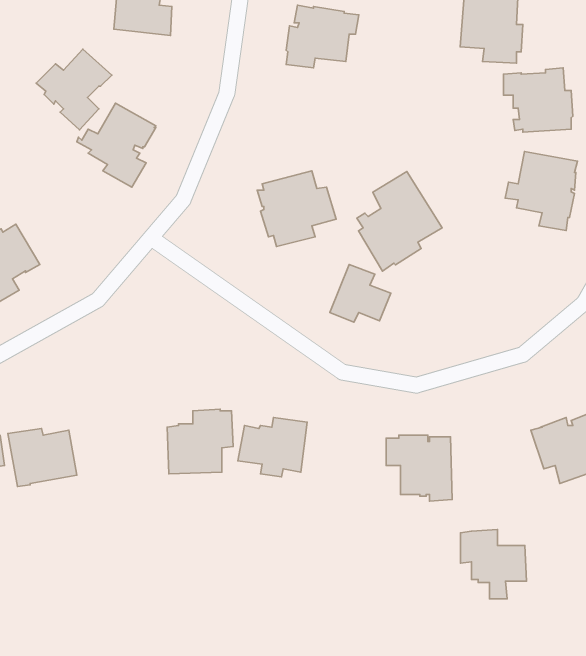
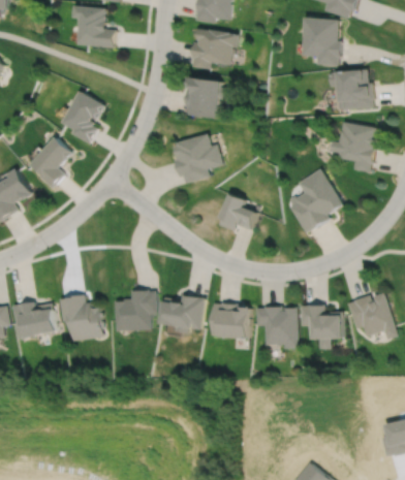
building: [36,49,112,130] -> [25,137,73,189]
building: none -> [183,78,227,120]
building: [357,171,442,271] -> [288,170,343,234]
building: none -> [59,293,102,340]
building: none -> [210,300,251,338]
building: [460,529,526,599] -> [301,302,343,347]

